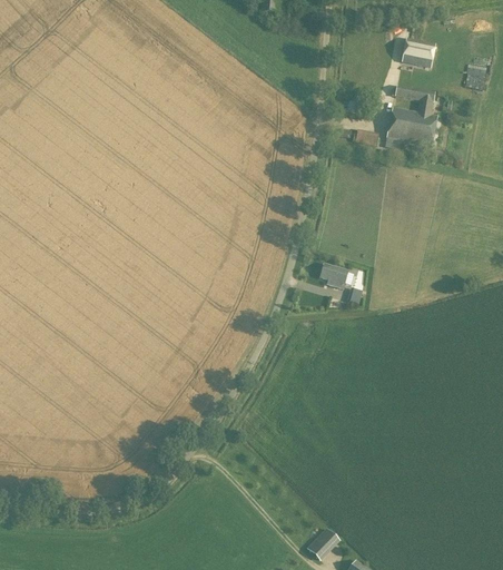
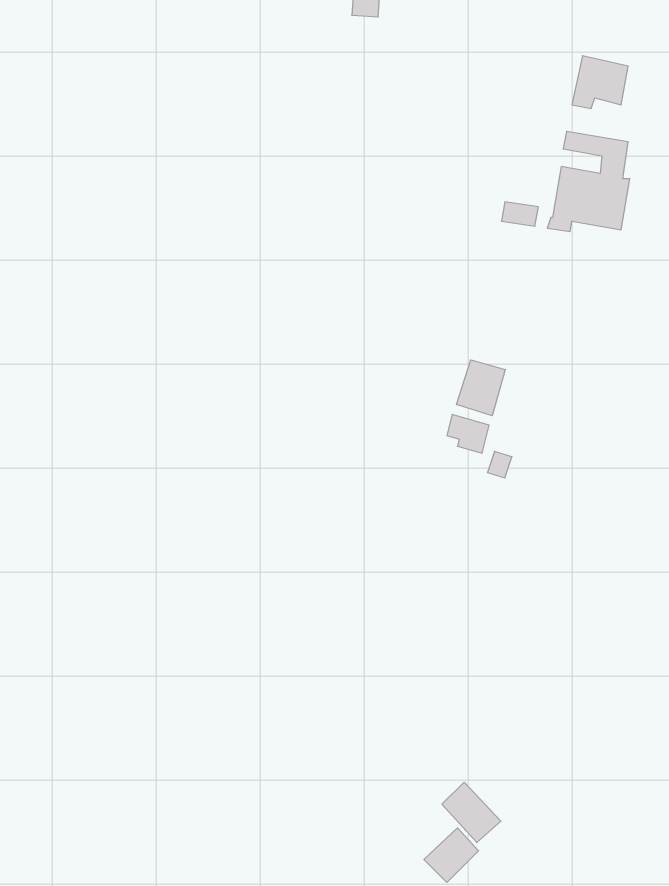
building: none -> [457,360,505,416]
building: none -> [442,782,501,843]

